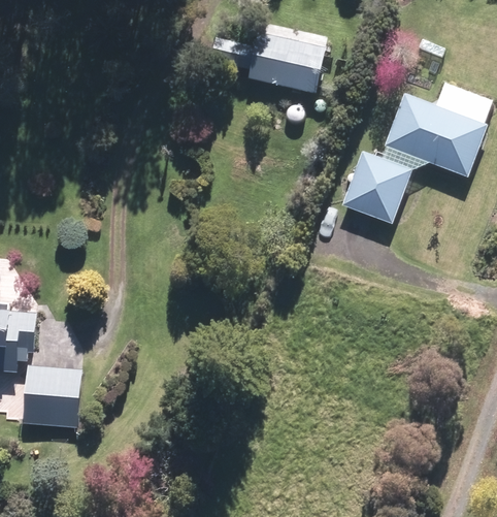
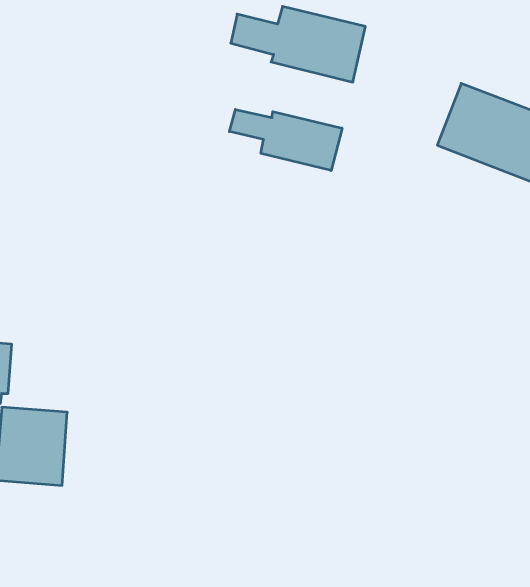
building: none -> [229,109,342,171]
building: [341,152,411,224] -> none

